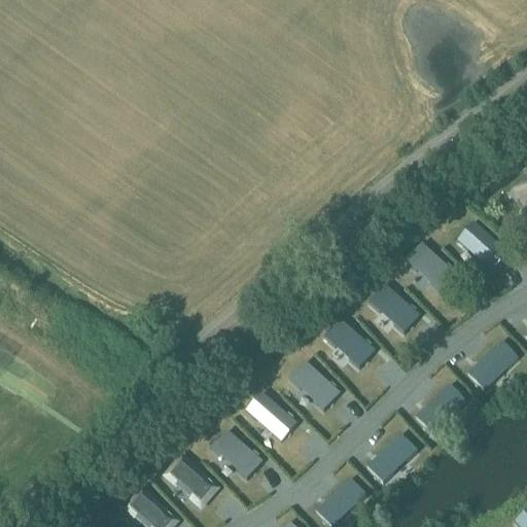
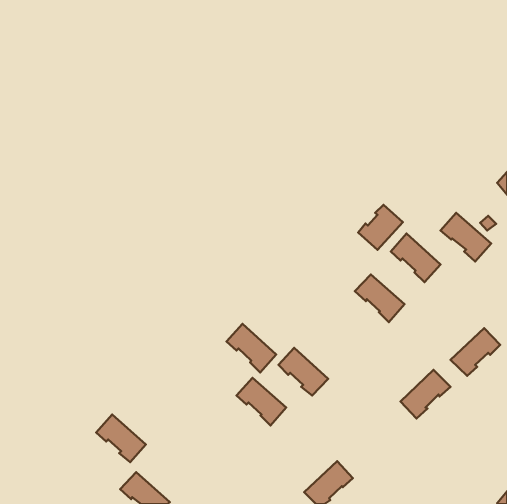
building: none -> [358,205,403,250]
building: [323,318,375,368] -> [226,324,276,372]
building: [211,429,262,479] -> none
building: [368,434,415,484] -> none
building: [166,456,217,505] -> [96,415,146,462]

